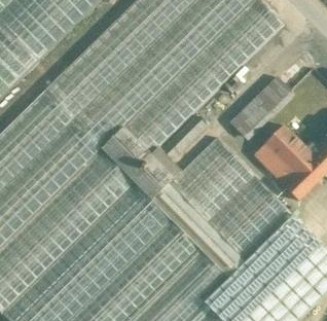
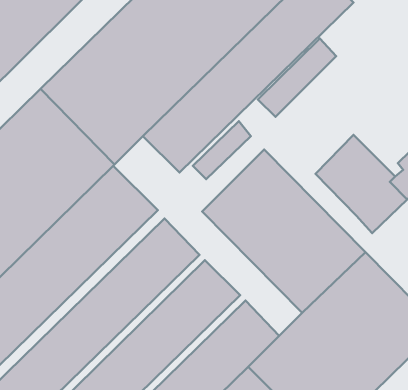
building: [230,76,290,136] -> [258,39,336,117]
building: [101,126,245,278] -> none

